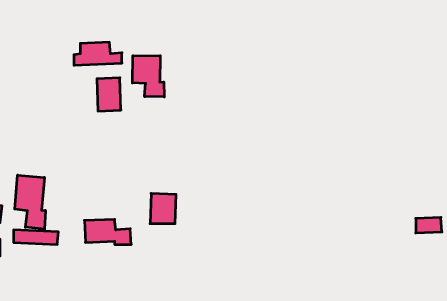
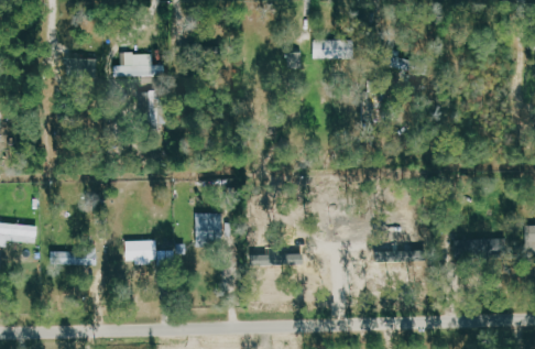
building: none -> [310,40,353,58]
building: [132,56,164,97] -> none
building: [15,175,45,229] -> none

